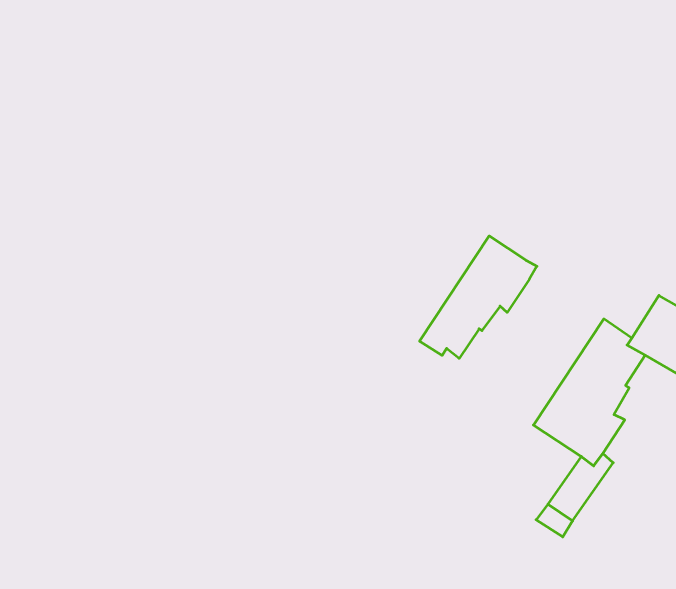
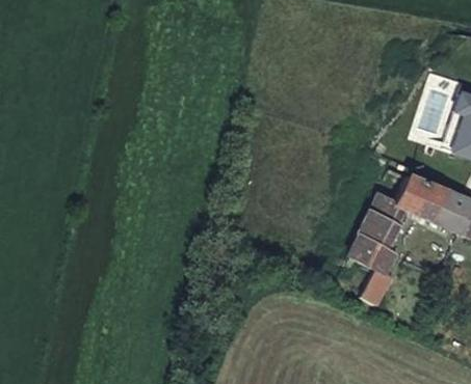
building: [420,236,537,358] -> none

